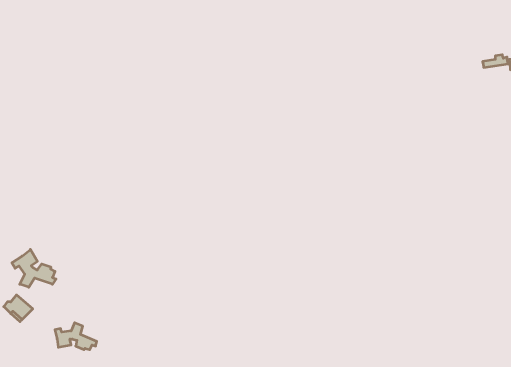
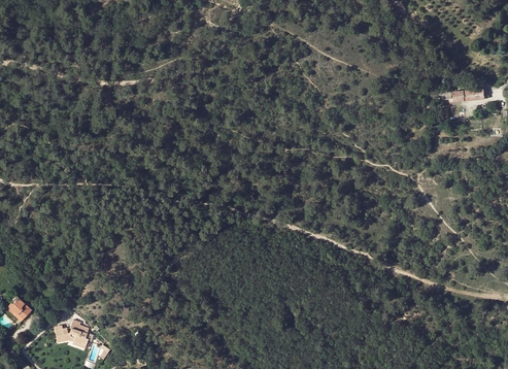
building: [12,249,56,287] -> none

